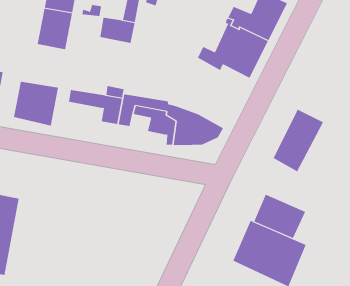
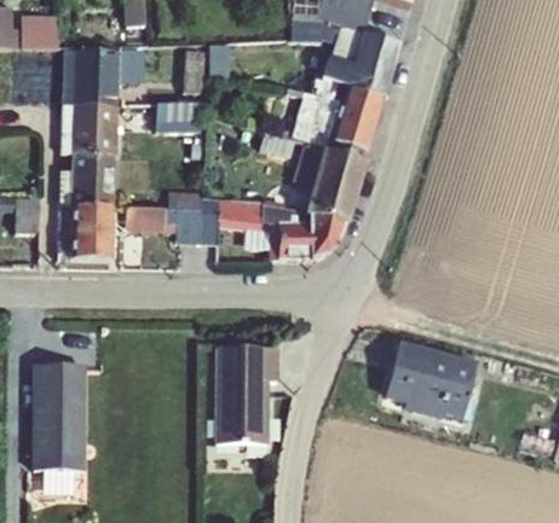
building: none -> [59,153,114,207]
building: [273,109,324,172] -> [306,140,367,225]
building: [253,194,306,239] -> none
building: none -> [207,345,278,444]

